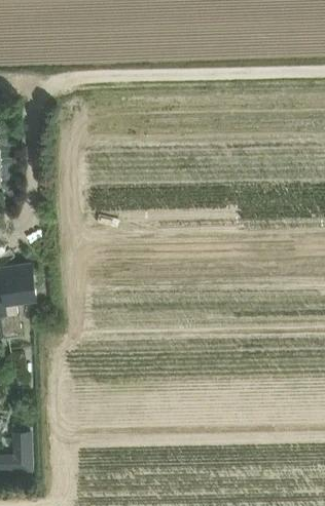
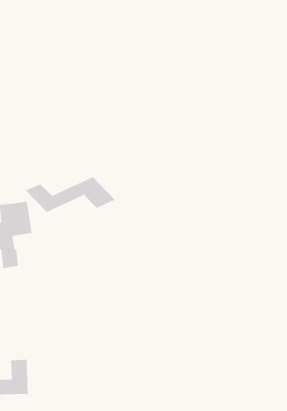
building: none -> [25,176,116,213]

